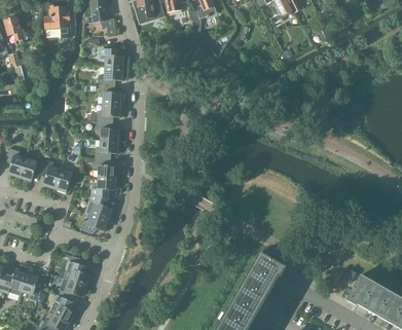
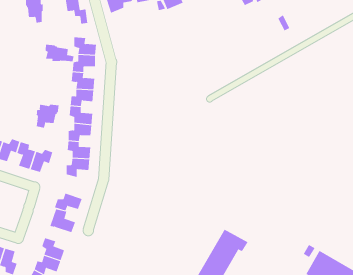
building: none -> [45,44,74,62]
building: none -> [36,104,59,129]
building: [86,194,114,220] -> [50,209,76,233]

